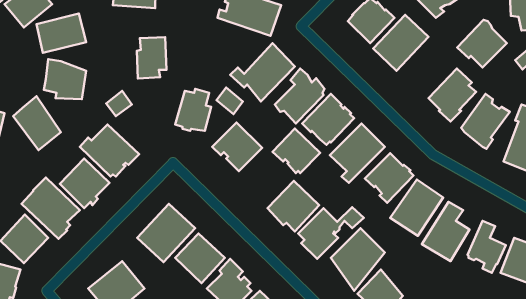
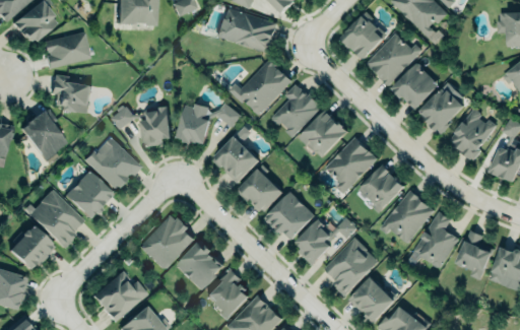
building: [457,20,507,68] -> [390,63,438,109]
building: [137,37,166,78] -> [141,108,170,147]
building: [273,129,320,173] -> [237,170,282,212]

